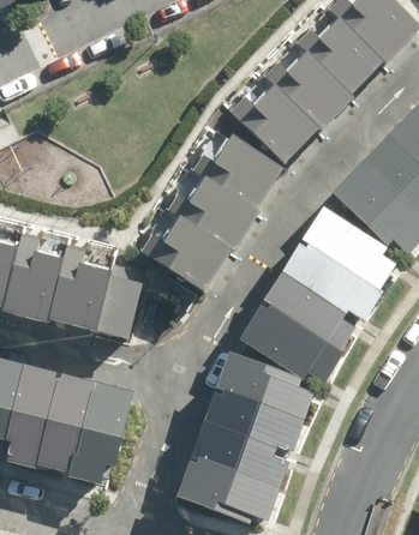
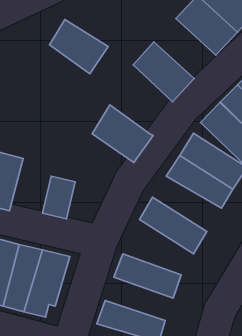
building: [262,36,354,126] -> none
building: [196,127,283,209] -> [50,19,108,74]
building: [143,209,232,290] -> none
building: [47,246,113,332] -> none
building: [259,272,363,355] -> none
building: [215,355,315,420] -> none
building: [188,423,291,488] -> none

